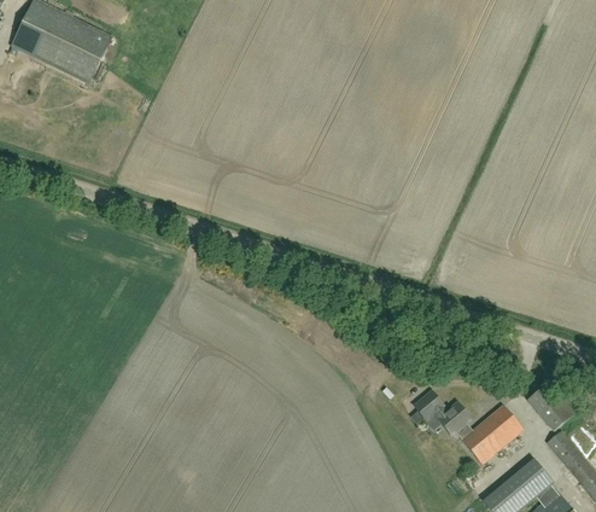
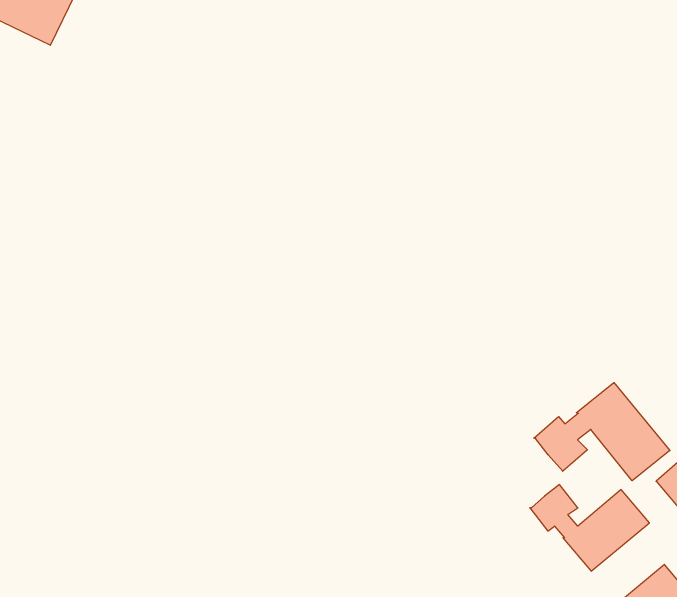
building: none -> [534,383,670,481]
building: [409,388,446,423] -> none

